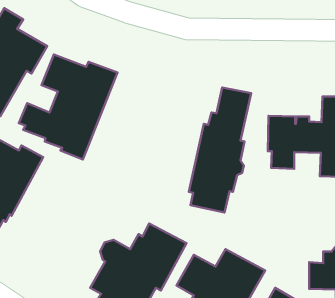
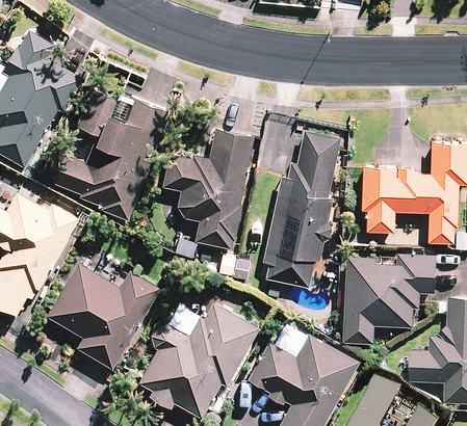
building: none -> [163,128,254,248]
building: none -> [342,252,435,344]
building: none -> [48,263,160,370]

